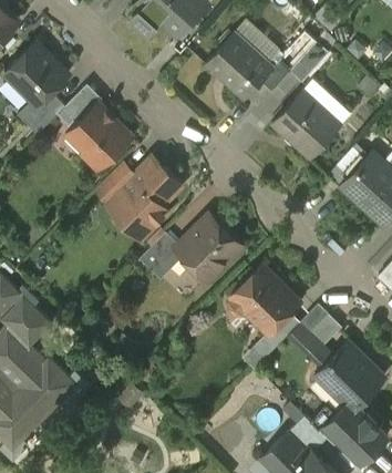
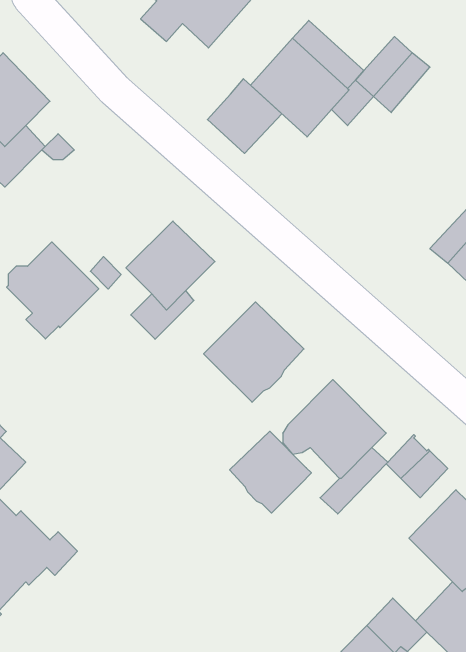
building: none -> [207,79,282,153]
building: [272,91,341,160] -> none
building: [68,104,131,171] -> [7,242,99,339]
building: [140,233,183,280] -> none
building: none -> [230,431,311,513]

